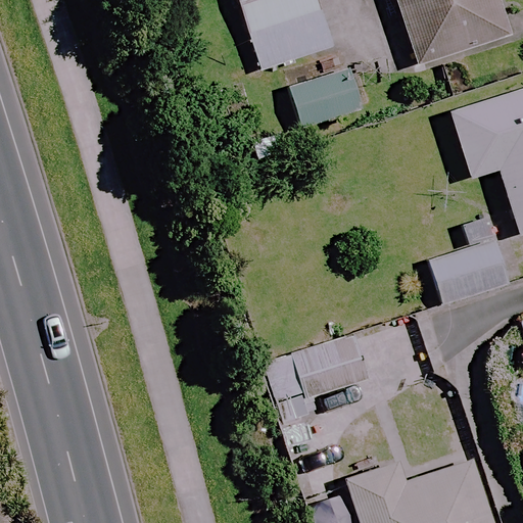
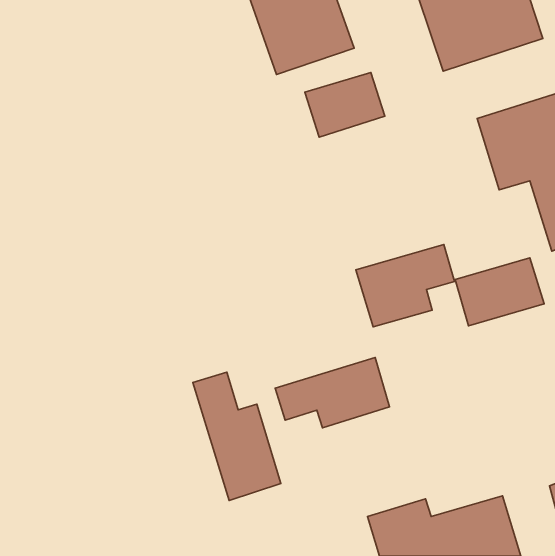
building: none -> [356,244,454,327]
building: none -> [193,372,281,500]

